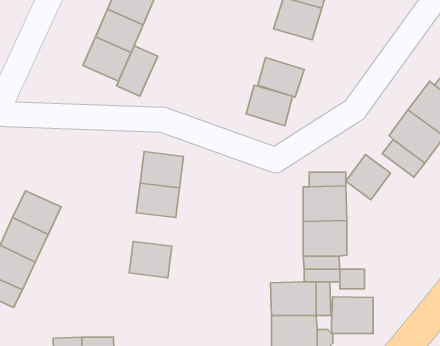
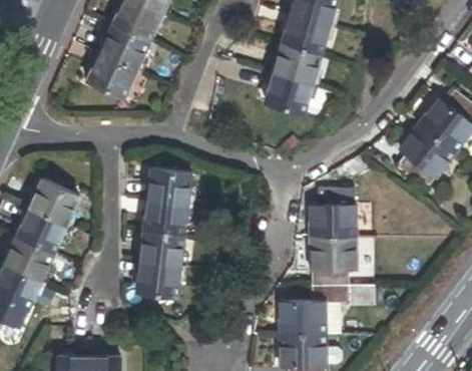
building: [116,46,158,96] -> none
building: [246,85,293,126] -> [274,43,321,84]
building: [346,155,391,200] -> none
building: none -> [30,179,78,224]
building: none -> [139,230,182,264]
building: [331,297,373,334] -> none

